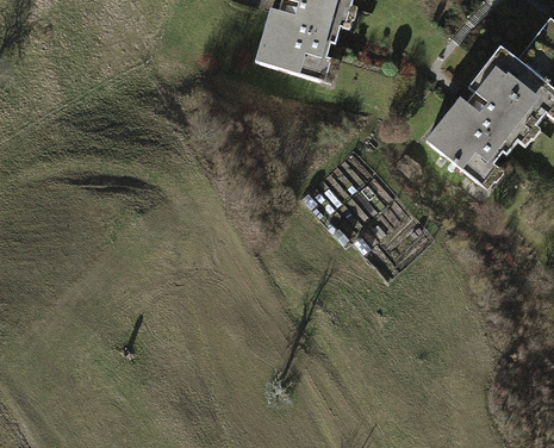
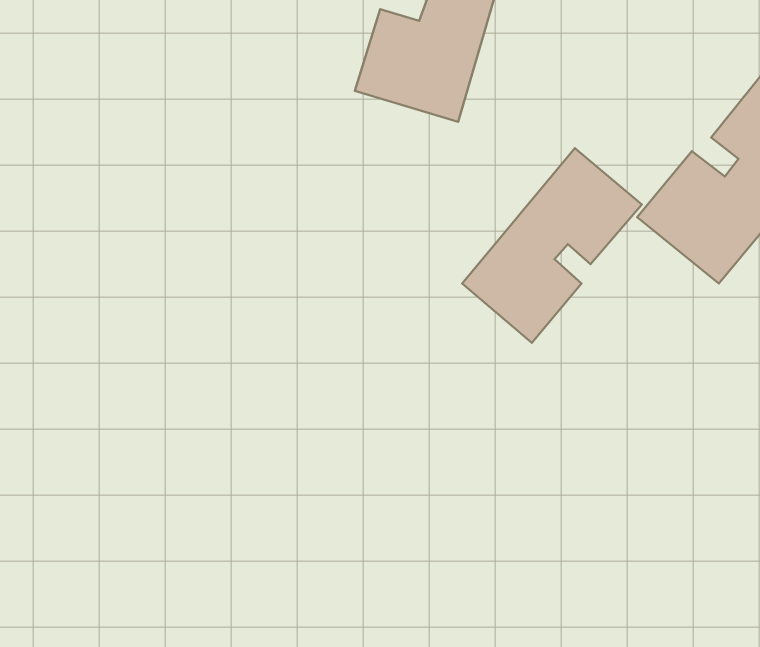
building: none -> [462,148,642,343]

